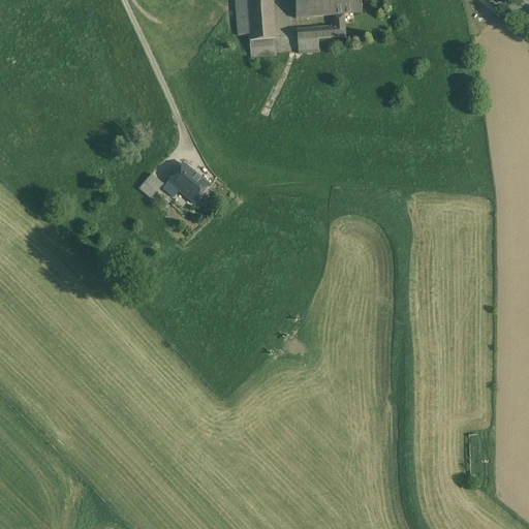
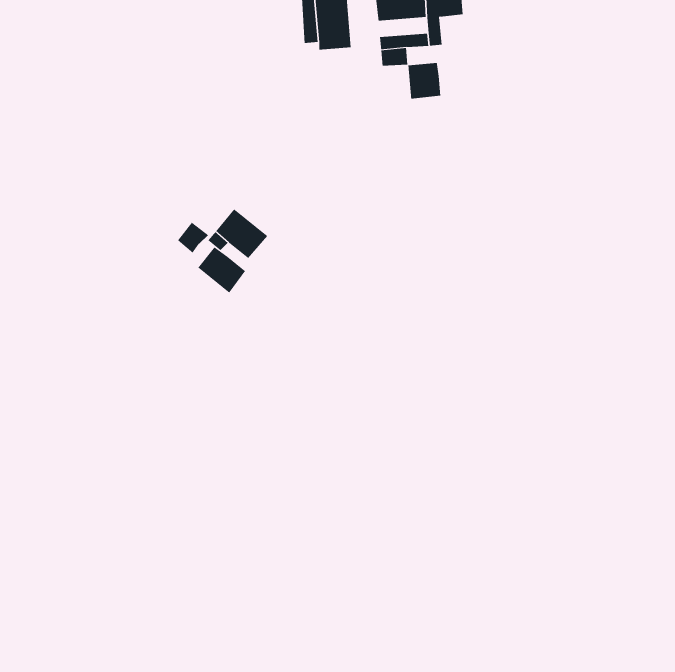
building: [249,37,276,57] -> none
building: none -> [408,62,441,100]
building: none -> [197,246,246,294]

